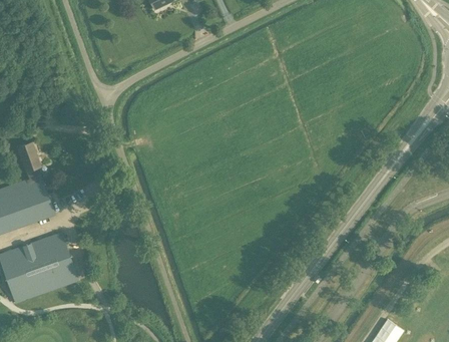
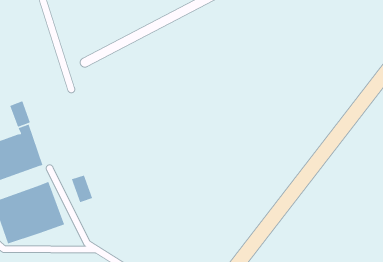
building: none -> [71,174,93,203]

